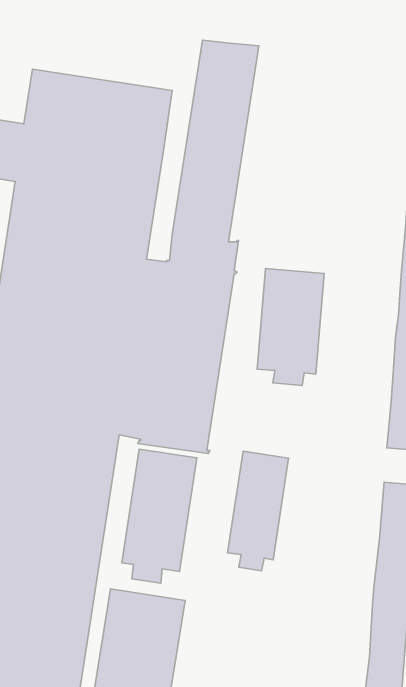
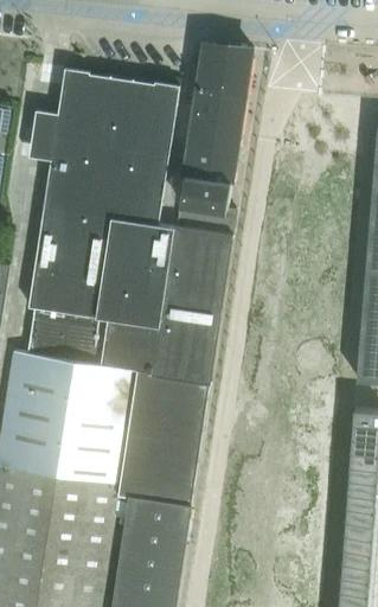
building: [257,269,324,385] -> none
building: [228,451,289,571] -> none

